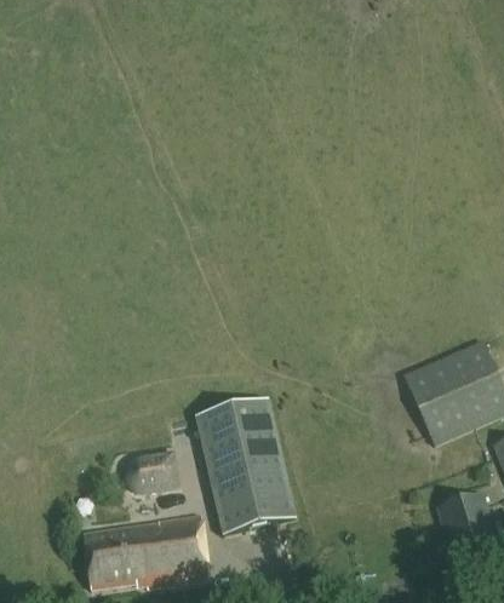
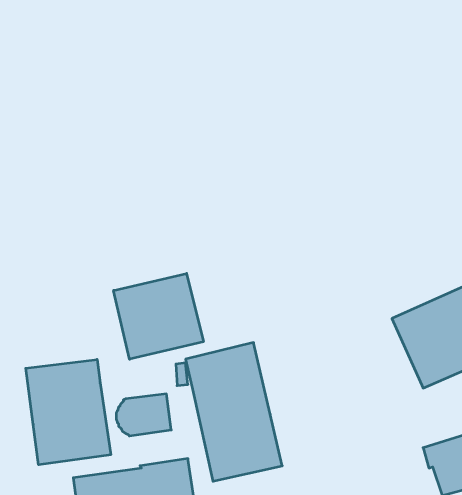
building: none -> [114,273,203,359]
building: none -> [26,359,111,465]

